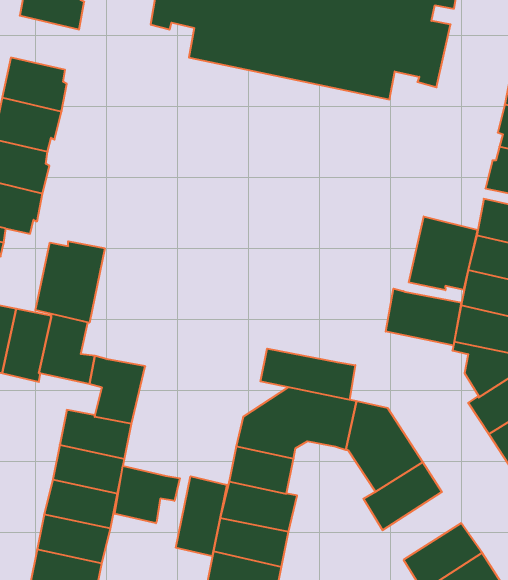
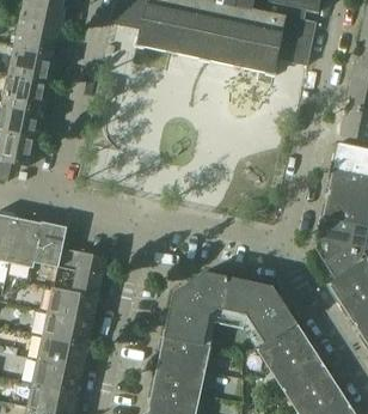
building: none -> [14,17,61,54]
building: [409,216,478,290] -> none
building: [35,241,105,323] -> none
building: [386,289,461,345] -> none
building: [260,349,355,400] -> none
building: [115,466,180,523] -> none
building: [176,476,227,556] -> none
building: none -> [269,343,323,390]

